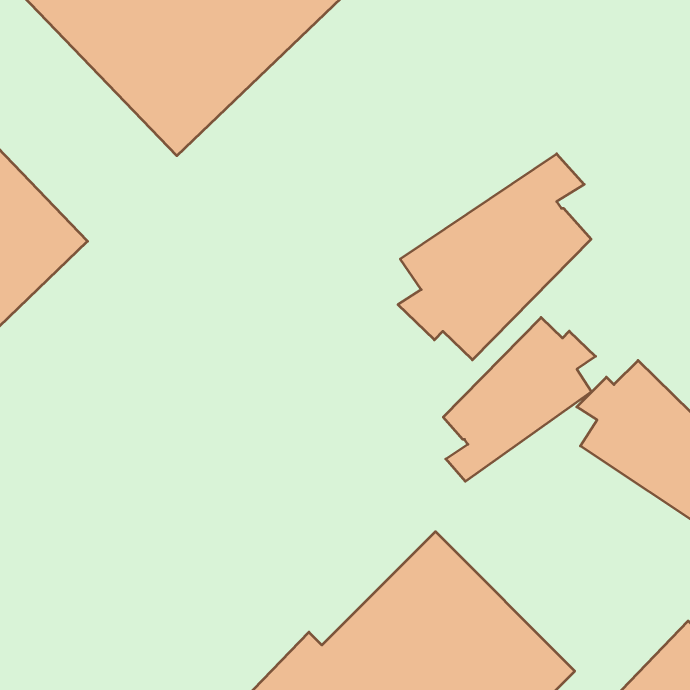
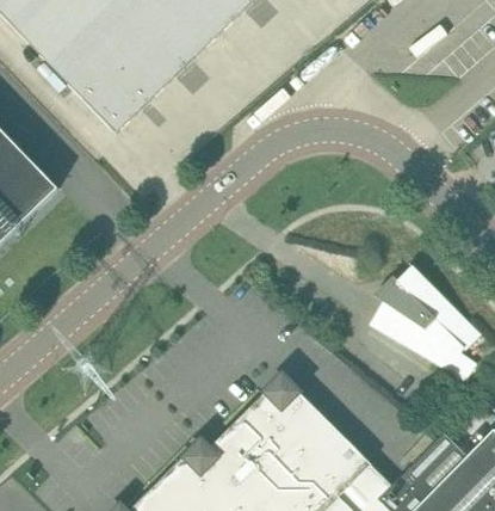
building: [398,154,591,360] -> none
building: [443,317,596,481] -> none

